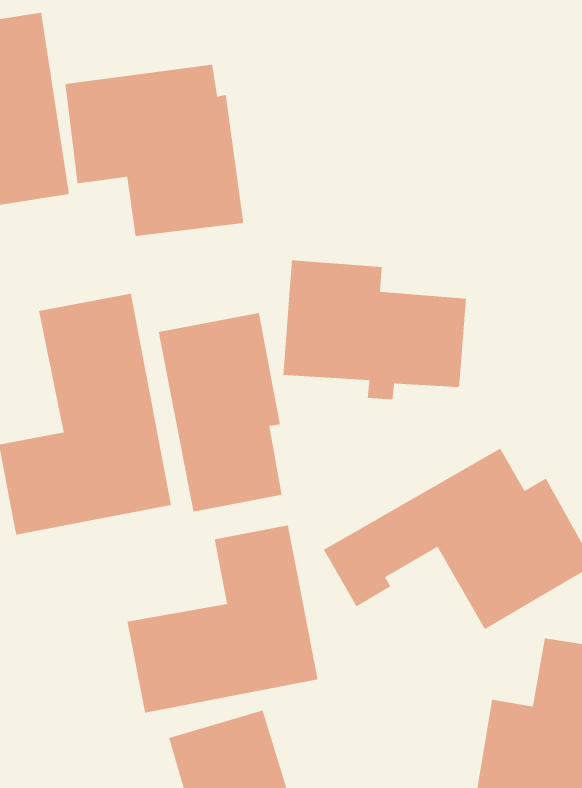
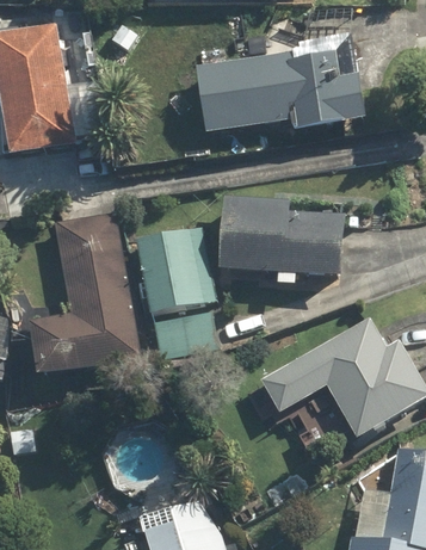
building: none -> [193,42,365,131]
building: [65,64,244,237] -> none
building: [126,525,319,714] -> none

